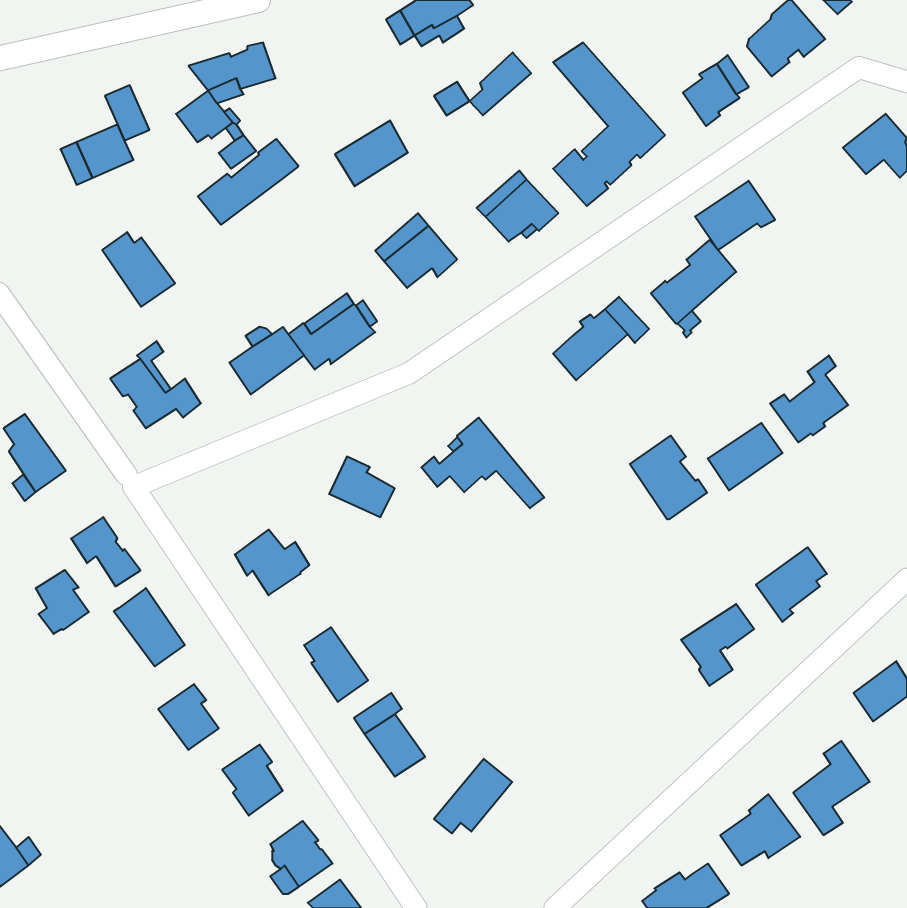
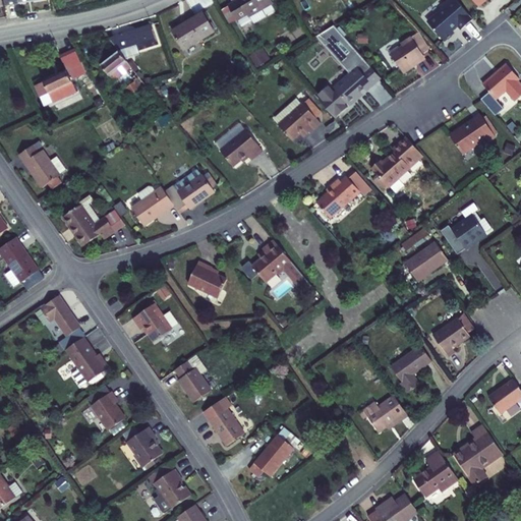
building: [470,52,531,115] -> none
building: [335,120,408,186] -> [172,12,214,50]
building: [198,139,298,225] -> none
building: [695,181,775,250] -> [449,114,495,154]
building: [102,232,175,307] -> [19,144,61,187]
building: [630,436,707,519] -> none
building: [36,570,89,634] -> none
building: none -> [362,396,407,431]

